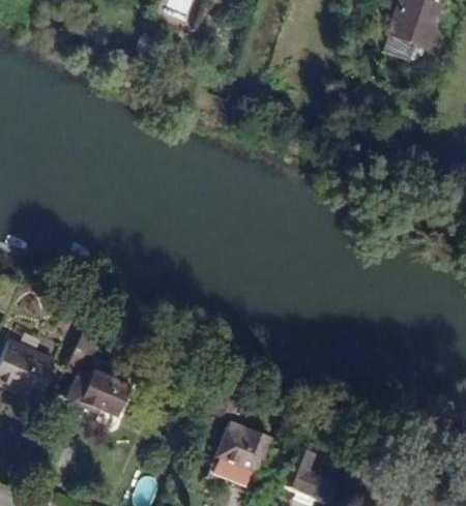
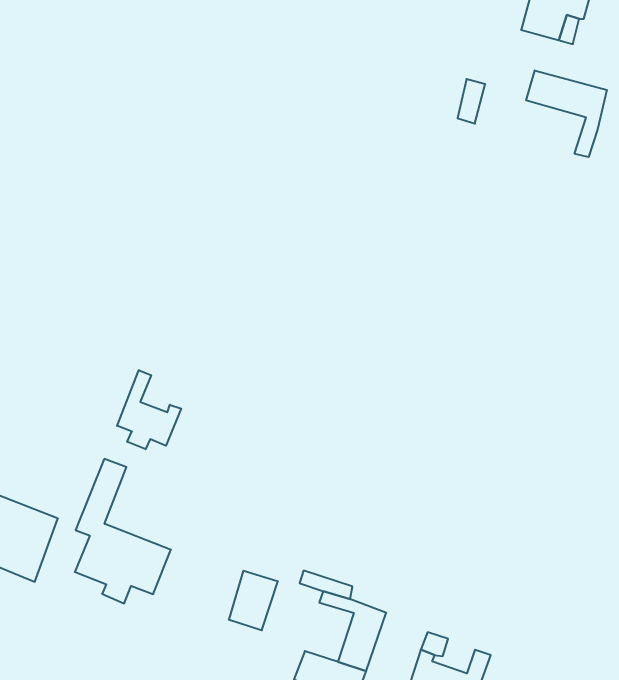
building: none -> [526,70,607,157]
building: none -> [117,370,181,449]
building: [216,425,251,466] -> [229,571,278,630]

